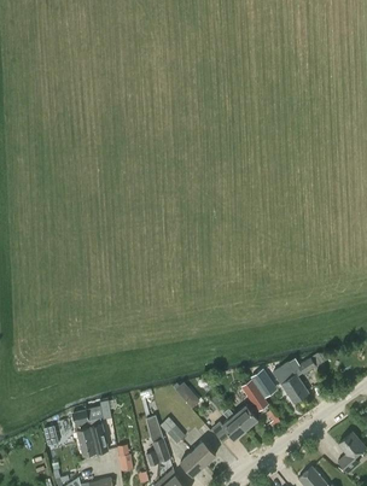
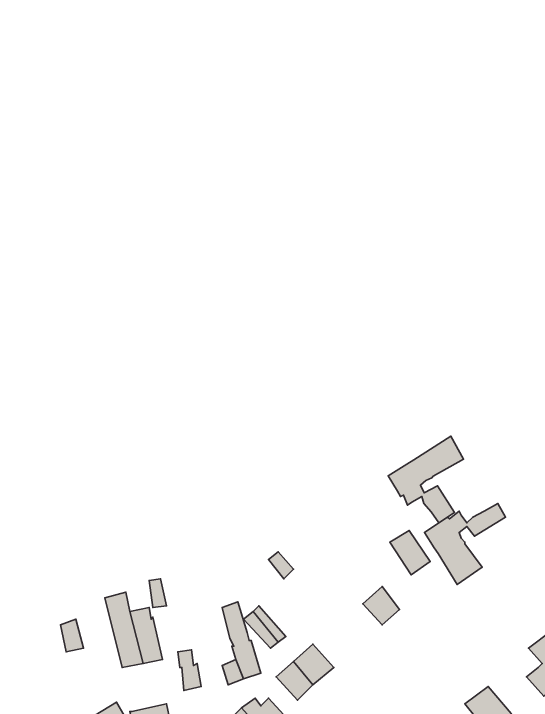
building: none -> [388,436,464,523]
building: [211,409,246,441] -> none

